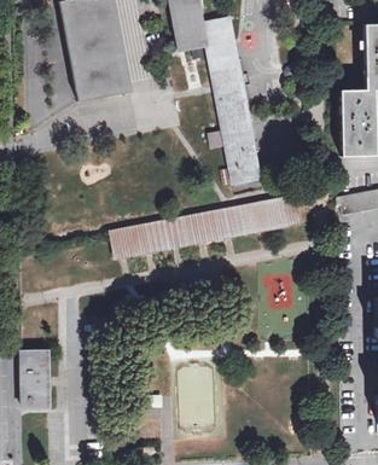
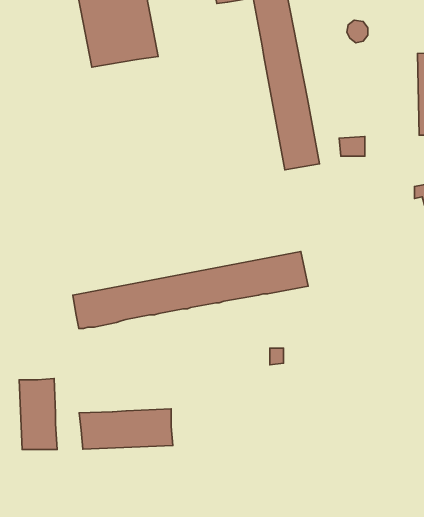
building: [112,196,301,257] -> [73,251,308,329]
building: none -> [79,409,173,449]

